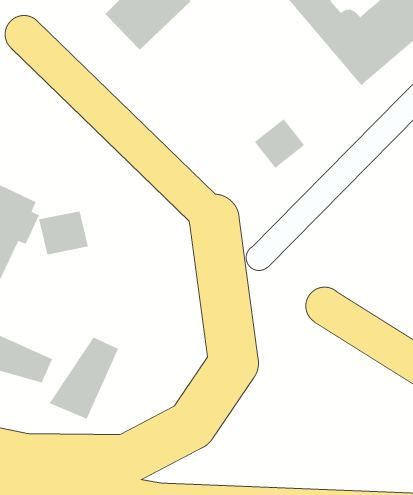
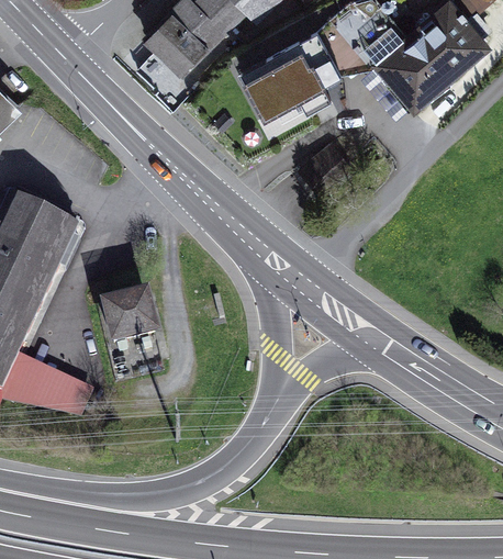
building: none -> [242,32,342,116]
building: [38,210,89,255] -> [105,295,157,342]
building: [48,336,119,420] -> none

